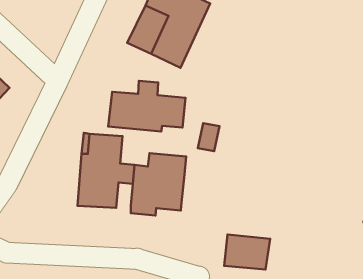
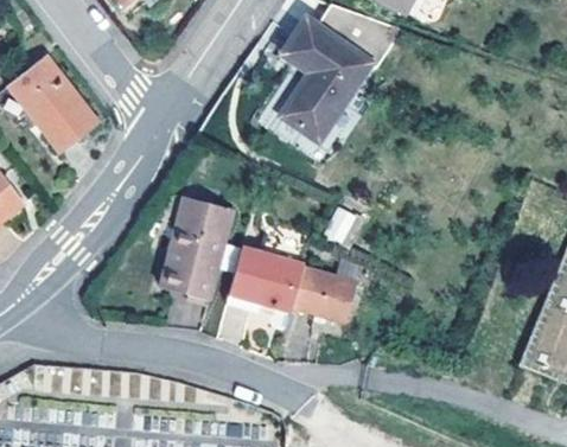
building: [108,81,185,131] -> none
building: [224,234,270,269] -> [292,268,356,320]

